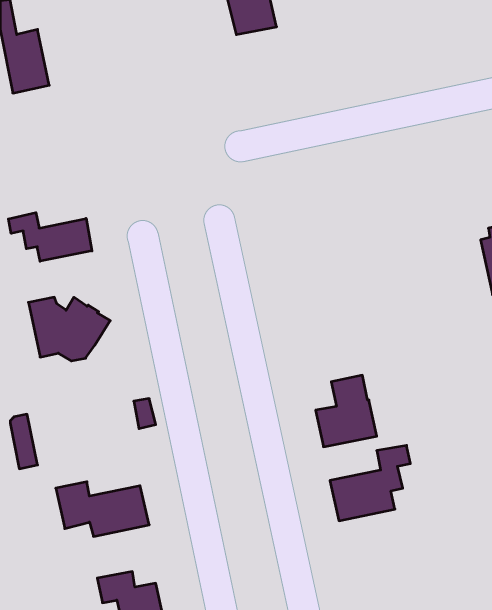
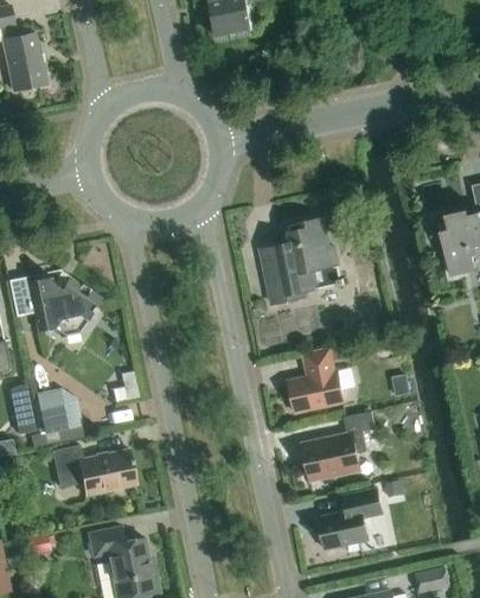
building: [8,213,92,261] -> none
building: none -> [261,218,340,304]
building: none -> [33,388,81,433]
building: none -> [318,488,383,549]

